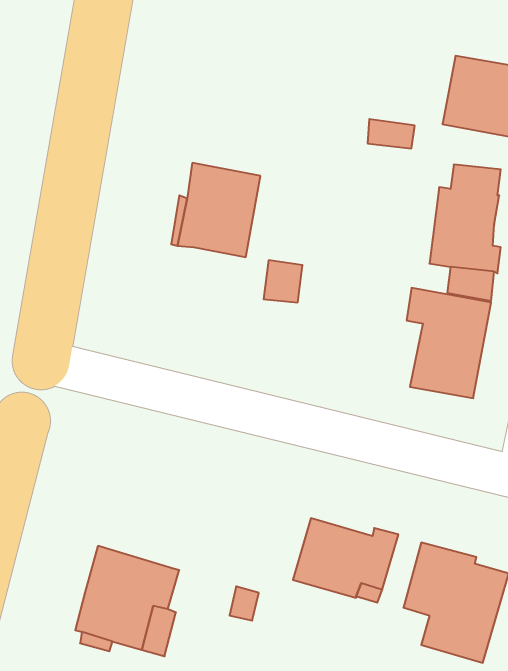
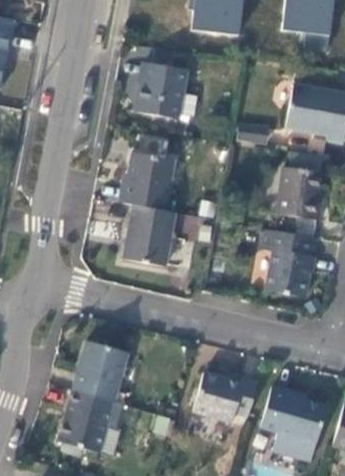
building: none -> [134,62,187,118]
building: none -> [121,203,174,265]
building: none -> [72,340,124,402]

